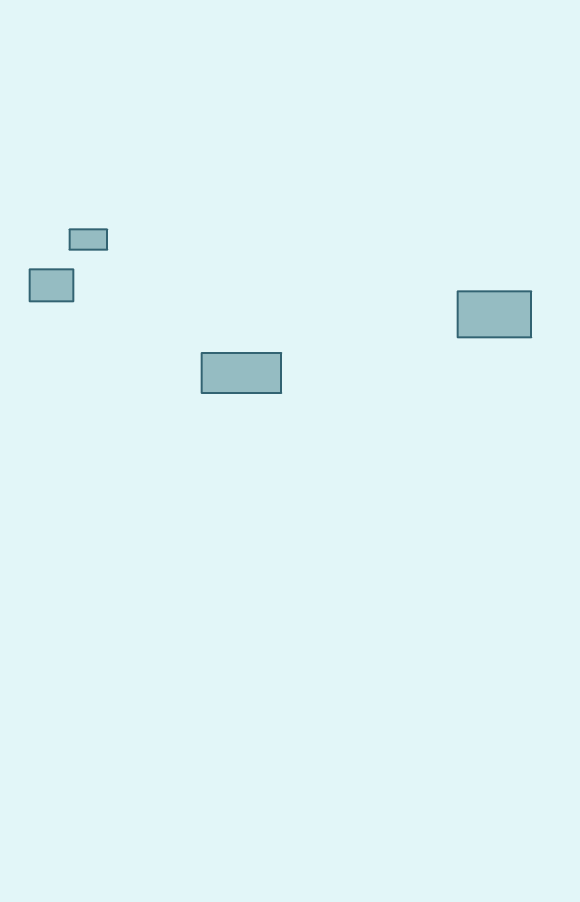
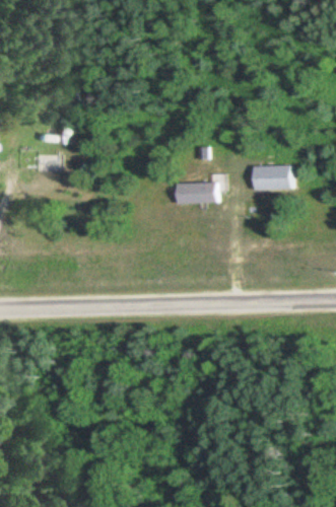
building: [202,353,281,393] -> [181,182,221,202]

